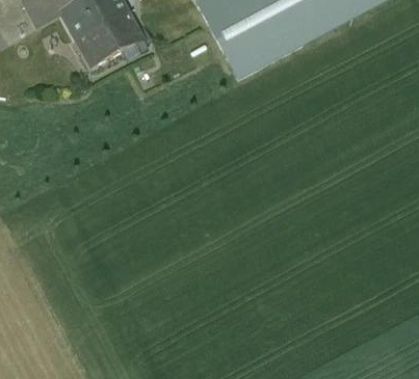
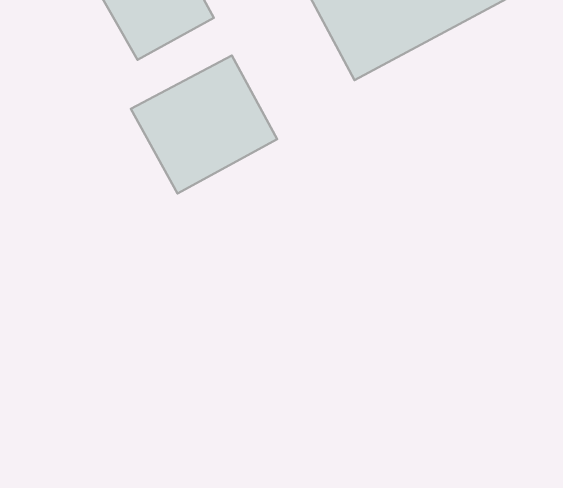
building: none -> [131,56,277,193]

